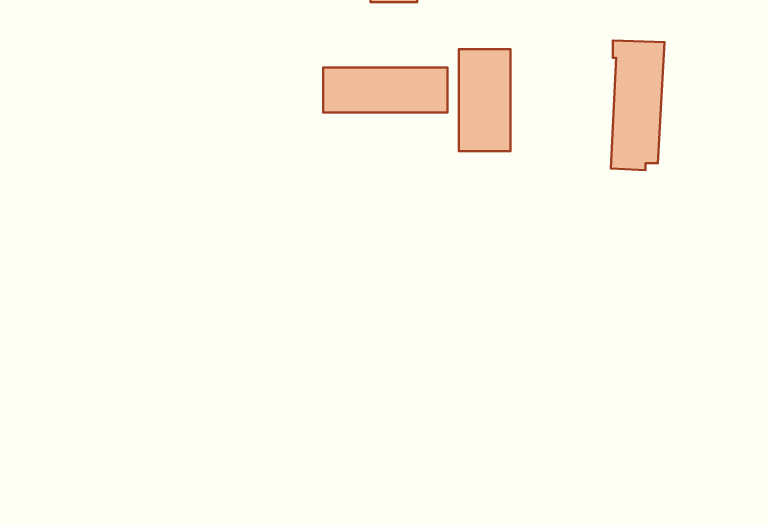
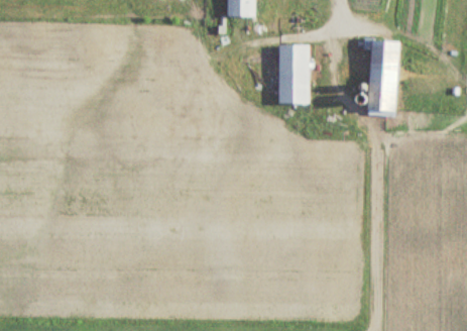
building: [323,68,447,112] -> none

